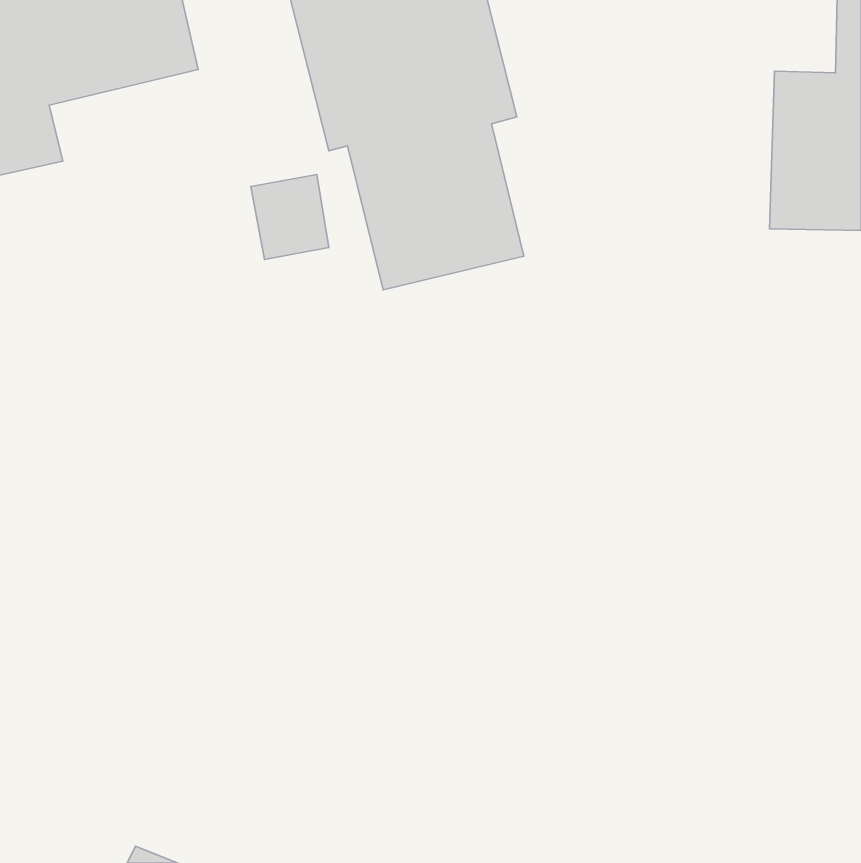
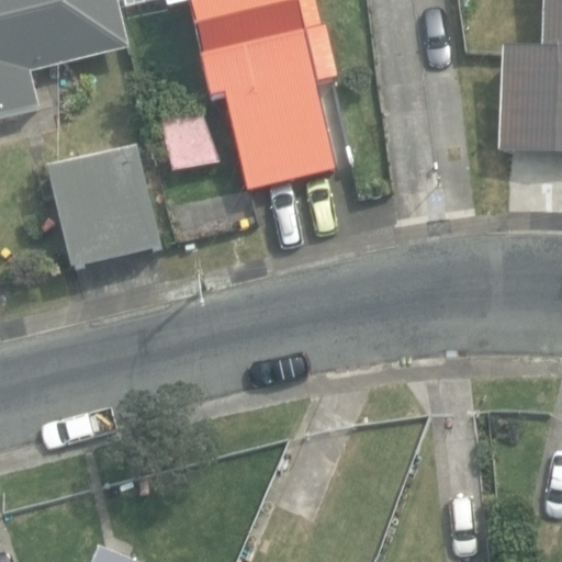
building: none -> [47,144,164,270]

